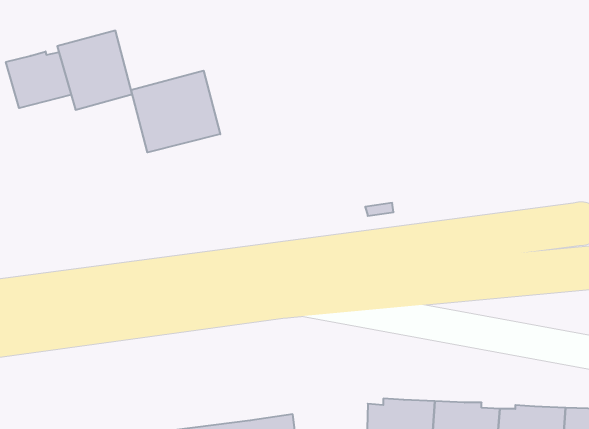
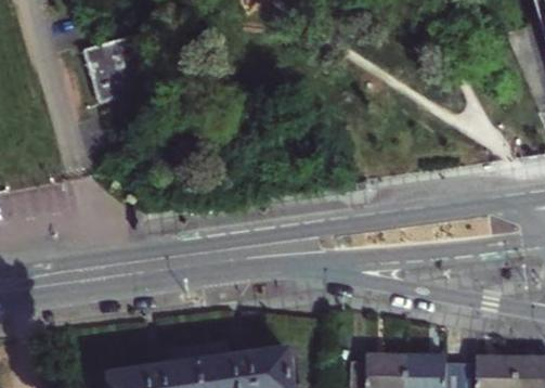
building: [6,51,71,108] -> none
building: [131,71,220,152] -> none

